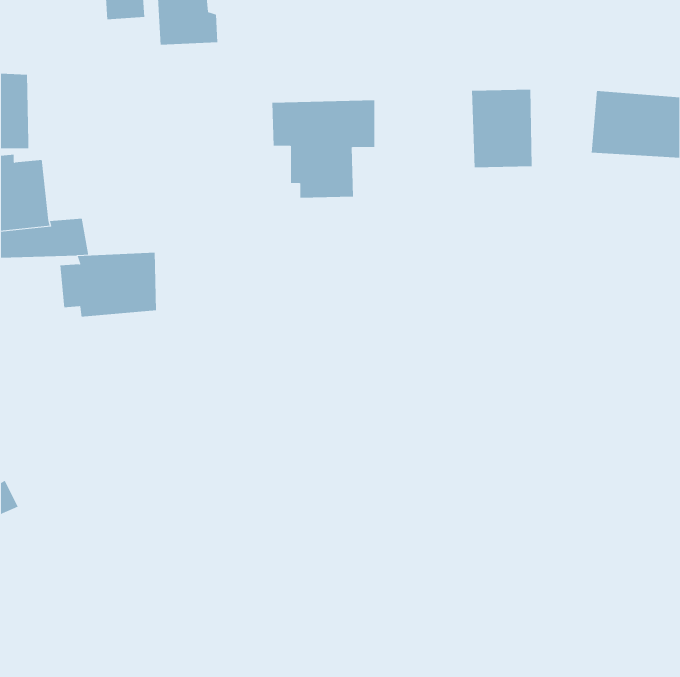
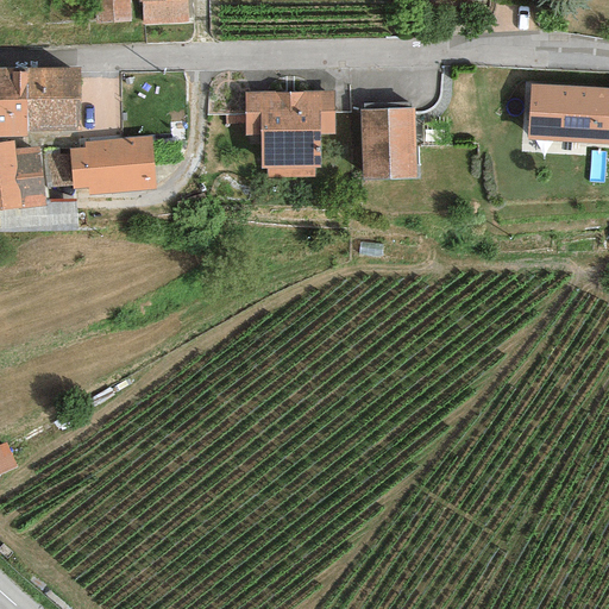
building: none -> [25,64,81,127]
building: [471,89,532,168] -> [360,107,415,177]
building: [60,252,157,317] -> [69,136,156,194]

